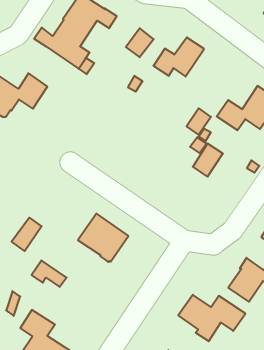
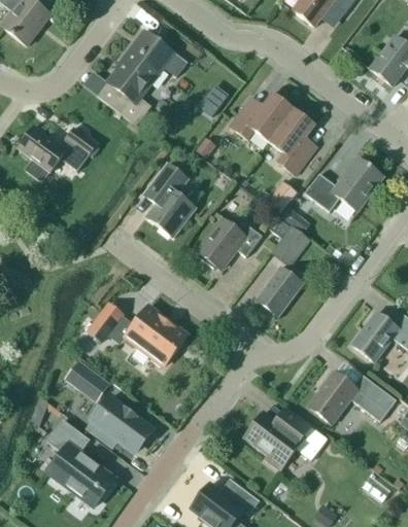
building: none -> [269,108,315,175]
building: none -> [146,164,196,237]
building: none -> [198,218,263,270]
building: none -> [256,267,303,316]
building: [12,218,42,251] -> [86,302,124,343]
building: none -> [92,396,152,452]

